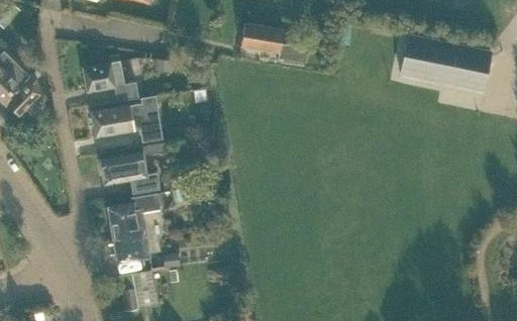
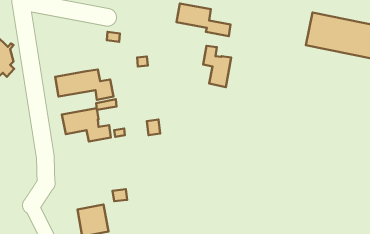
building: [84,62,137,103] -> none
building: none -> [203,46,231,87]
building: [109,193,162,262] -> none

